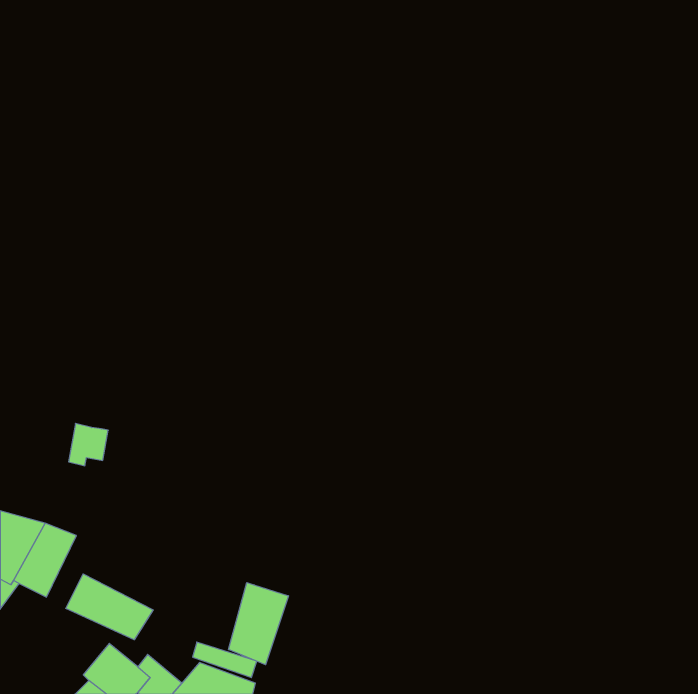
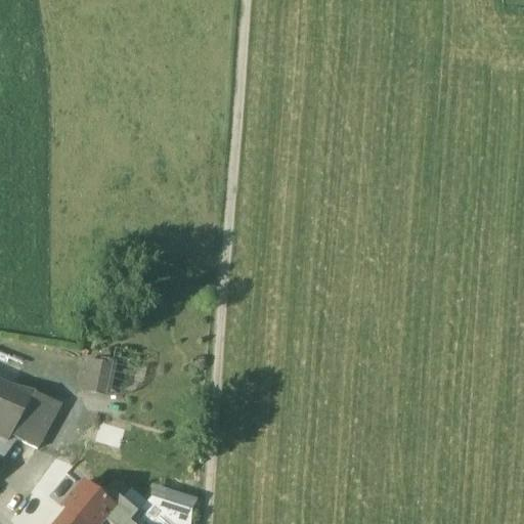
building: [69,423,108,466] -> [83,358,113,390]
building: [66,574,153,640] -> none
building: [229,583,288,665] -> none

